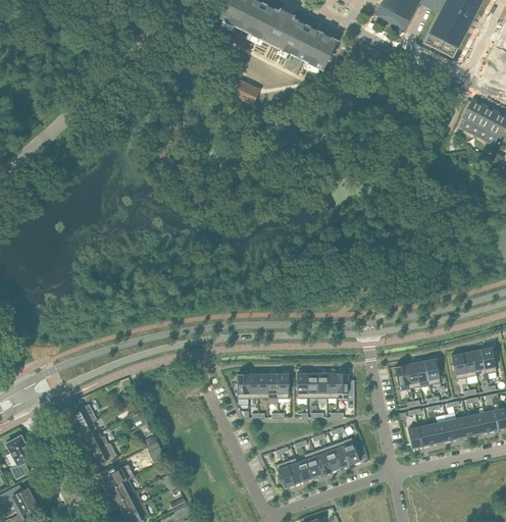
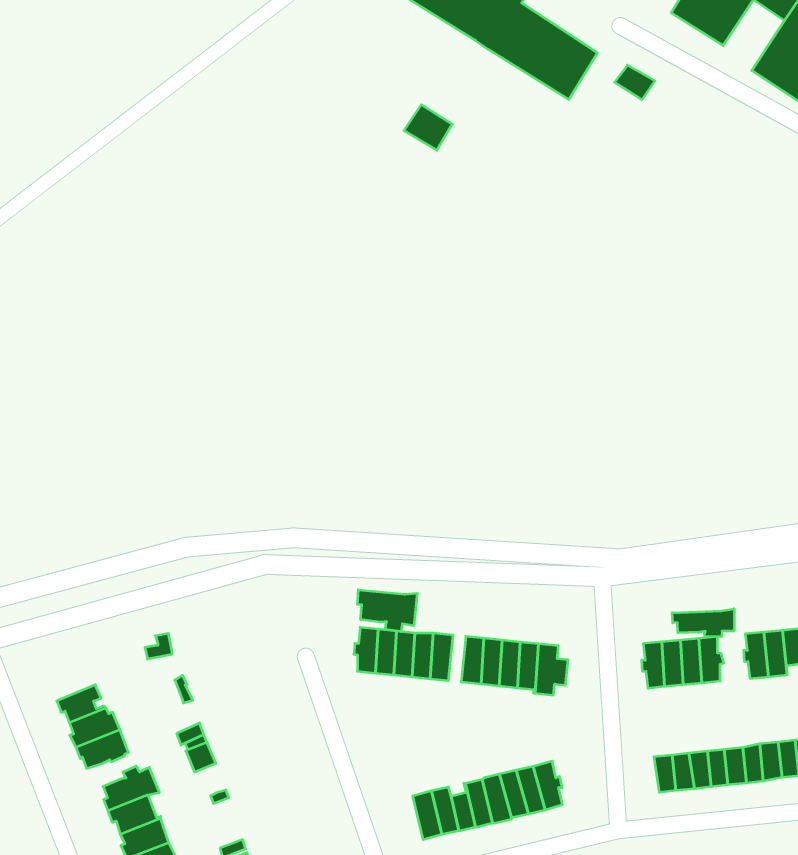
building: none -> [672,609,734,637]
building: none -> [357,590,417,632]
building: [68,404,97,431] -> none

